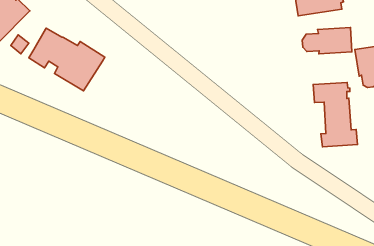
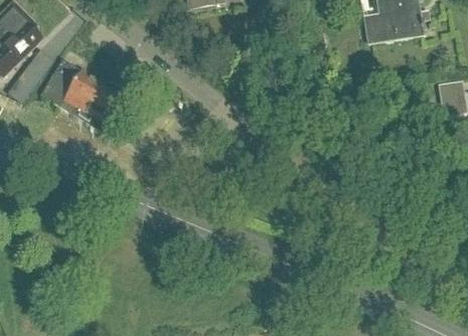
building: [302,27,352,54] -> none
building: [313,82,358,147] -> none

